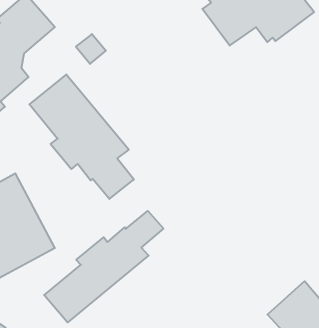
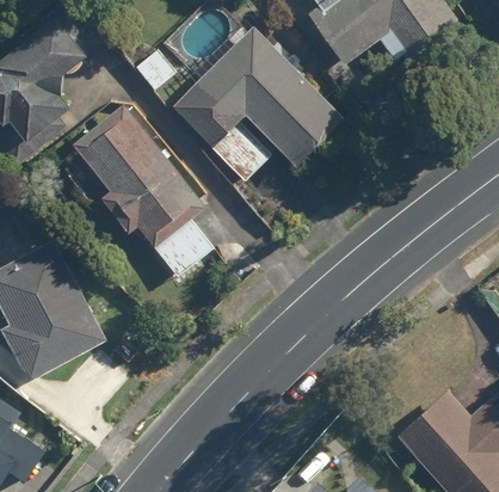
building: none -> [171,27,344,182]
building: [44,211,163,322] -> none

